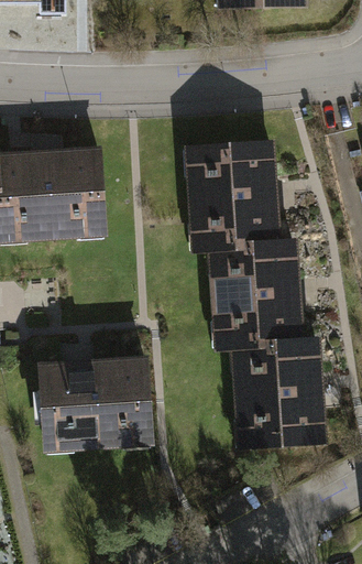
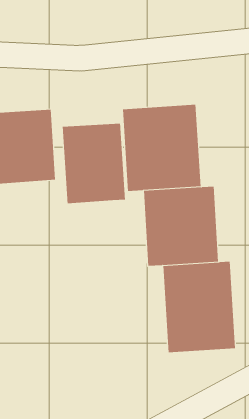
building: none -> [62,123,125,204]
building: [45,355,152,447] -> none

